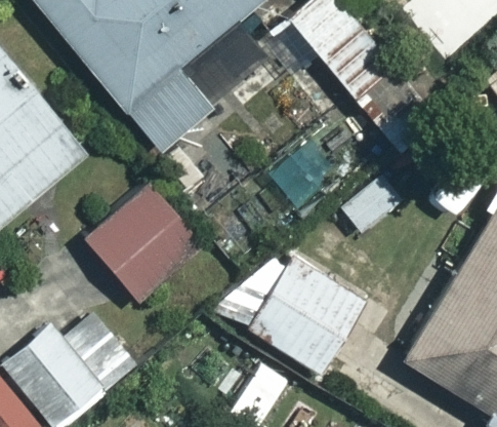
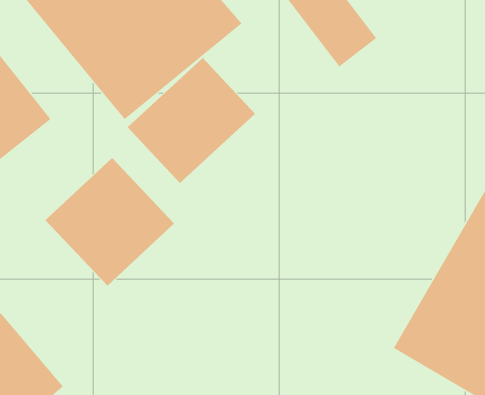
building: none -> [127,57,256,184]
building: [247,254,368,375] -> none

